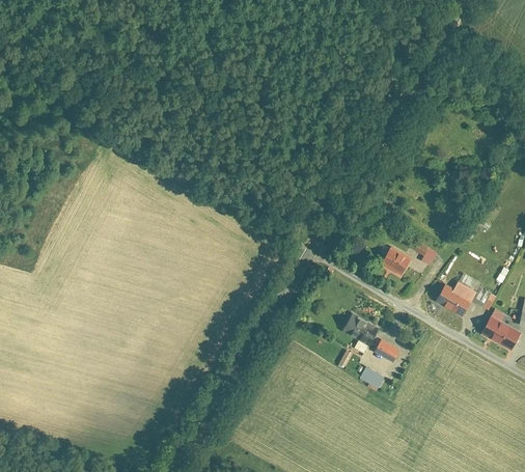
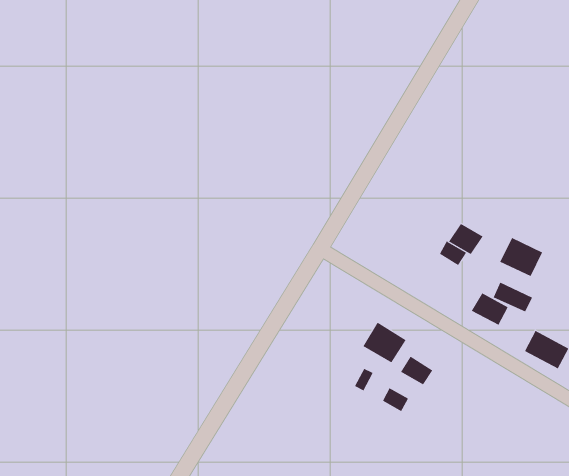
building: none -> [500,237,543,277]
building: [382,246,412,273] -> [448,223,483,255]

